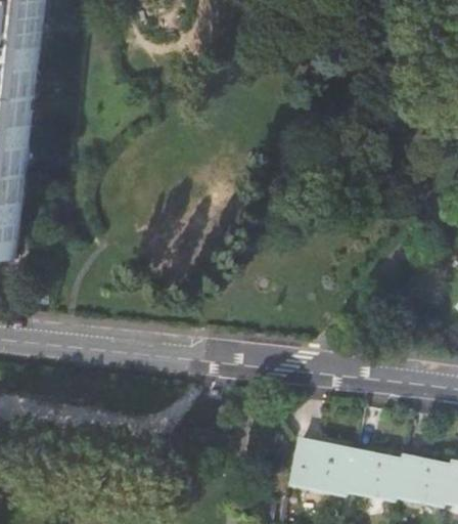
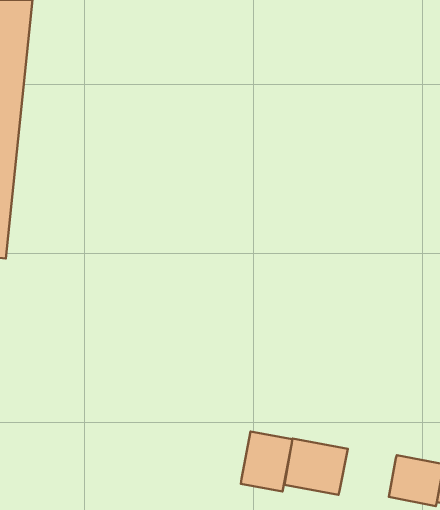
building: none -> [241,432,292,492]
building: [346,449,402,500] -> none

